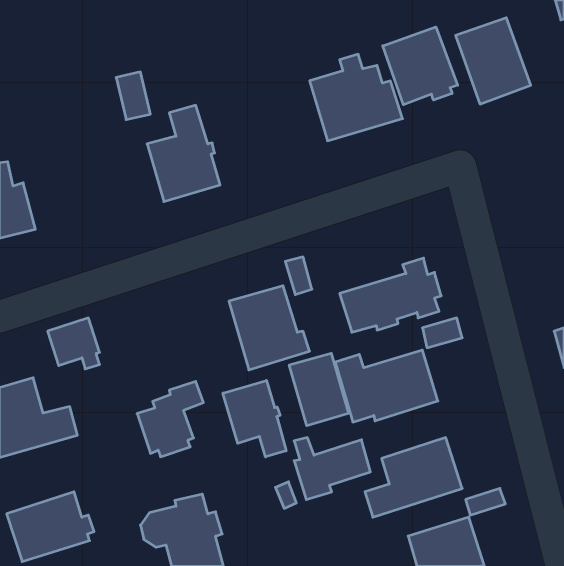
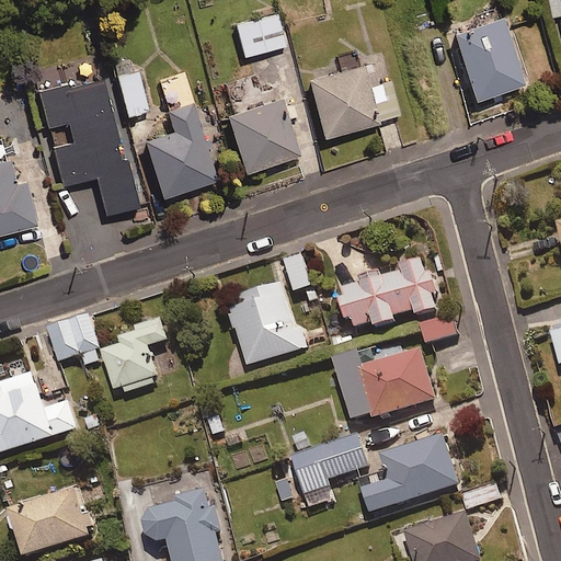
building: none -> [236,13,287,58]
building: [383,27,458,105] -> none
building: none -> [38,78,139,216]
building: none -> [227,94,300,173]
building: [289,353,348,426] -> none
building: [223,380,286,457] -> none
building: [137,381,203,457] -> [100,318,165,392]

